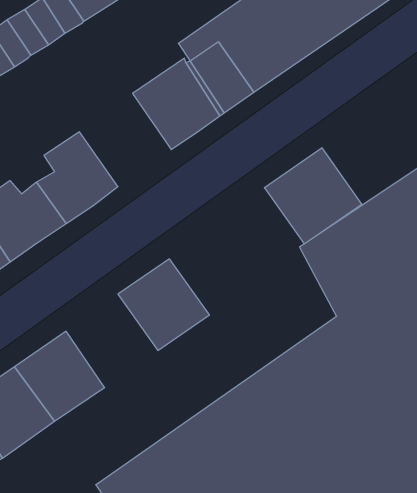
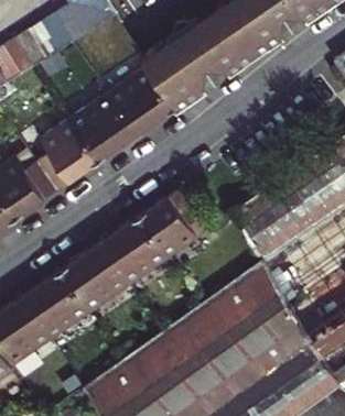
building: none -> [68,96,137,165]
building: [264,148,362,244] -> [136,189,208,261]
building: none -> [58,245,127,315]

